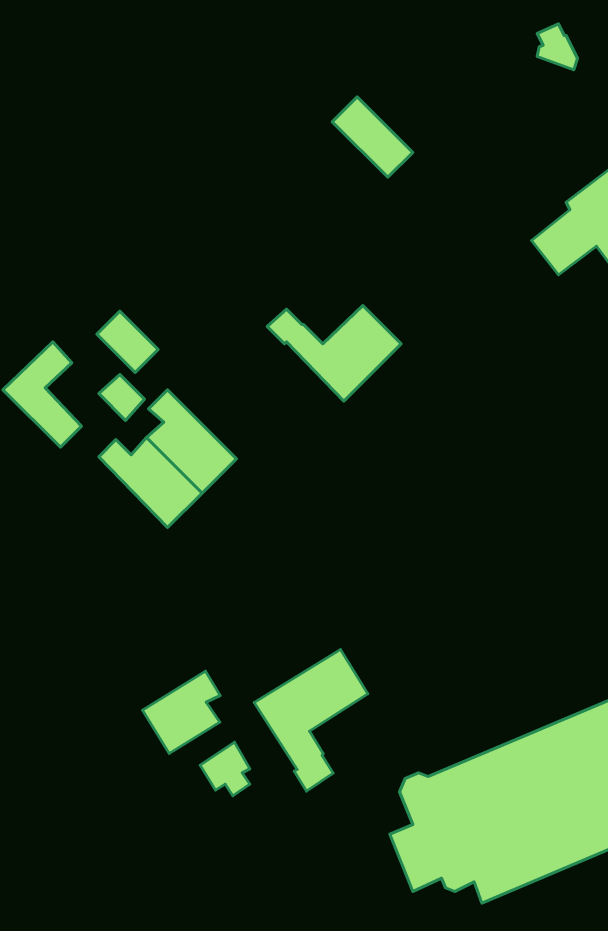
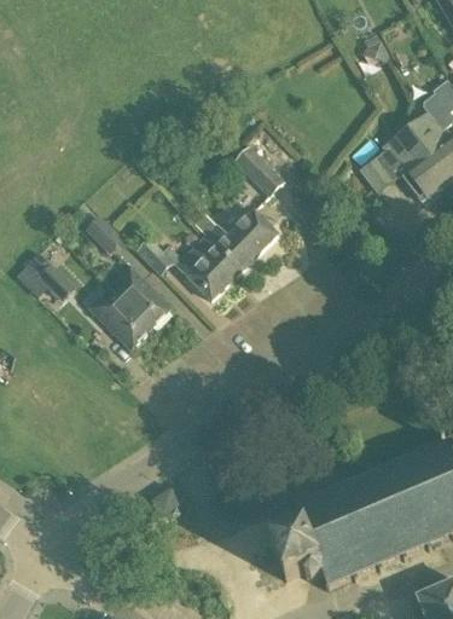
building: [332,97,413,177] -> [233,145,284,196]
building: none -> [134,233,240,300]
building: [254,649,368,791] -> none
building: [142,671,220,753] -> none

